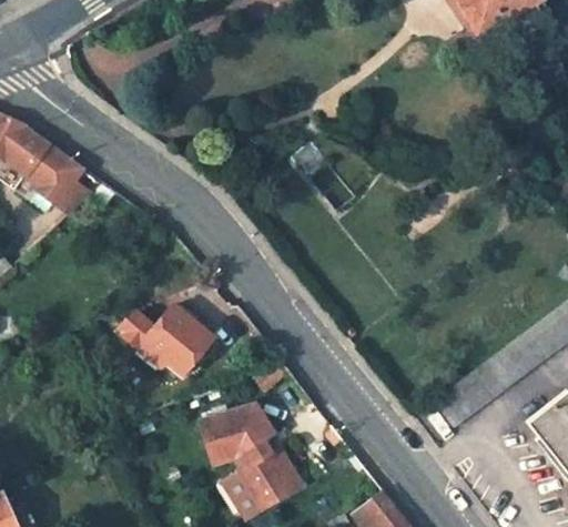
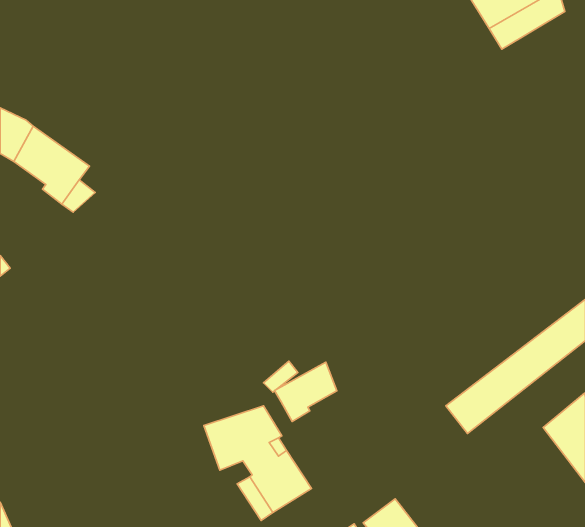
building: [121,306,211,375] -> none
building: none -> [275,362,337,422]

